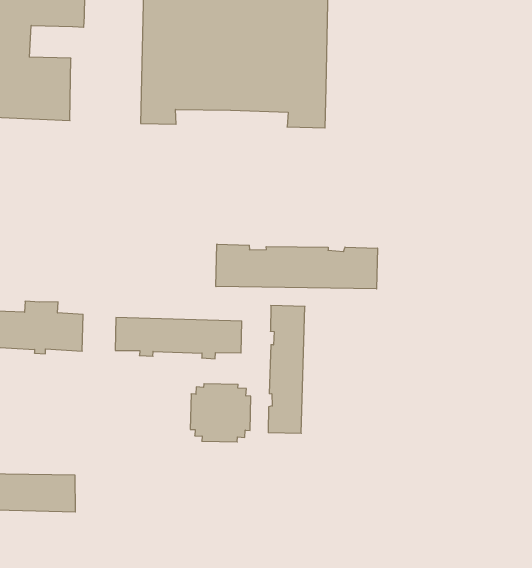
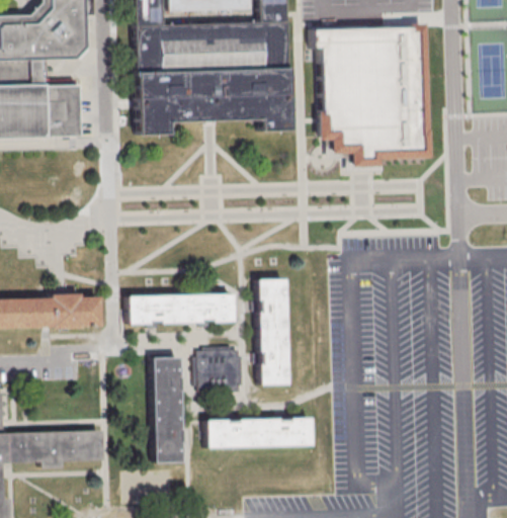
building: none -> [313,23,431,165]
building: [216,244,377,289] -> none
building: none -> [153,355,184,463]
building: none -> [205,417,314,447]

